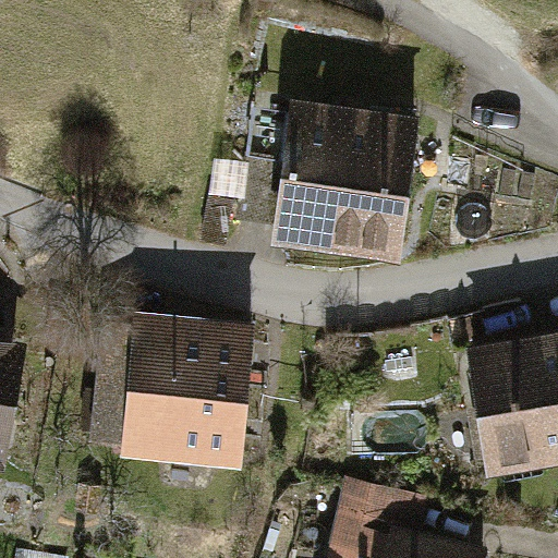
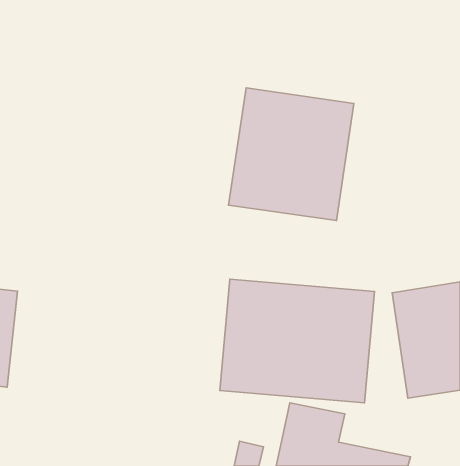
building: [87,314,253,465] -> none
building: none -> [220,279,374,403]

